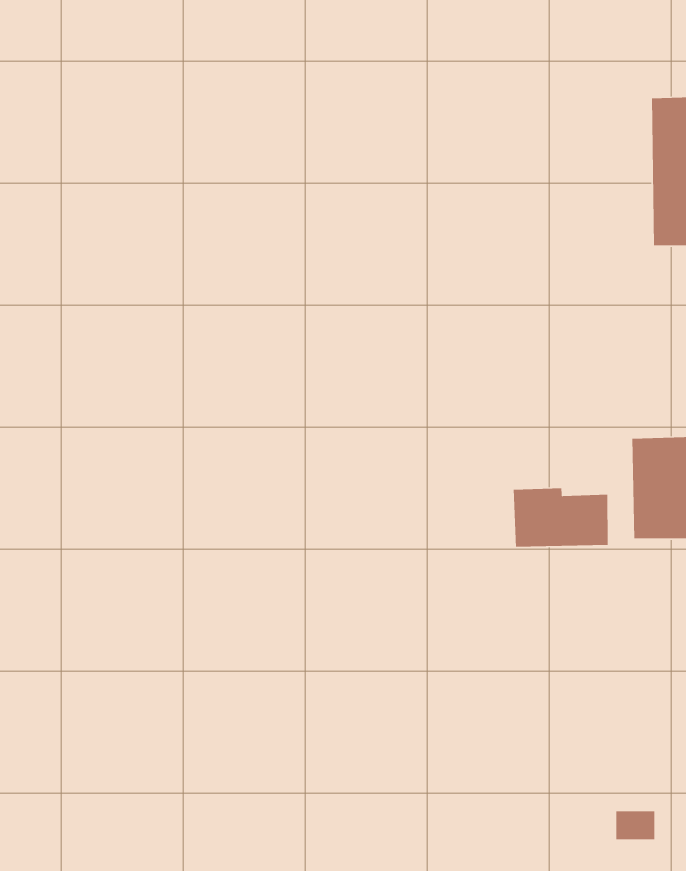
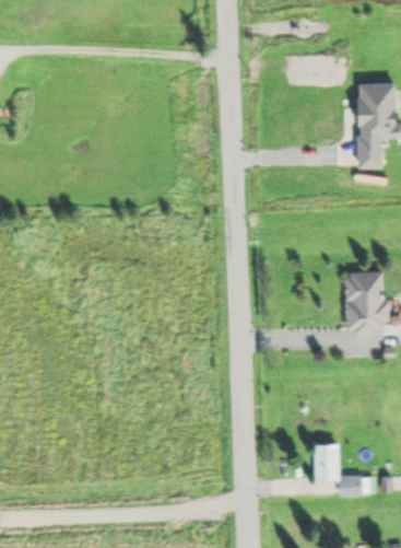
building: [513,488,609,547] -> none
building: none -> [315,445,337,479]

